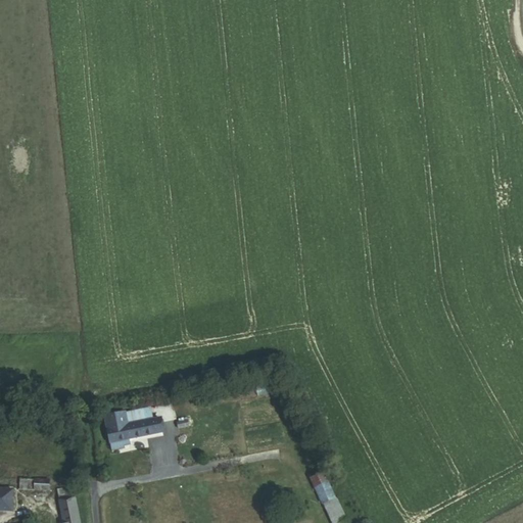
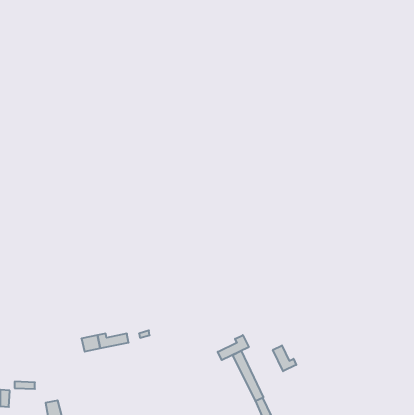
building: none -> [218,335,249,360]
building: none -> [273,345,296,371]

